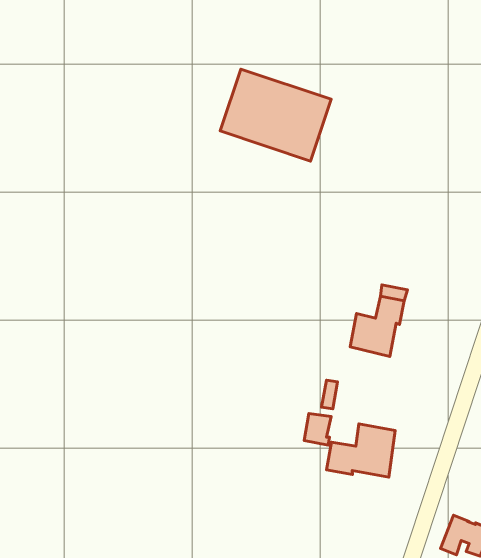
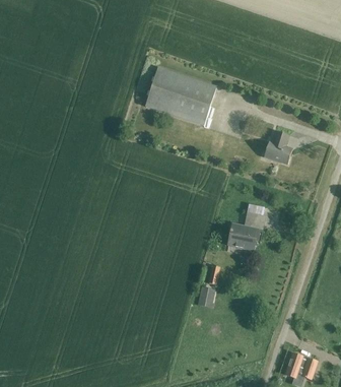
building: none -> [263,130,292,163]
building: [326,424,395,477] -> none

